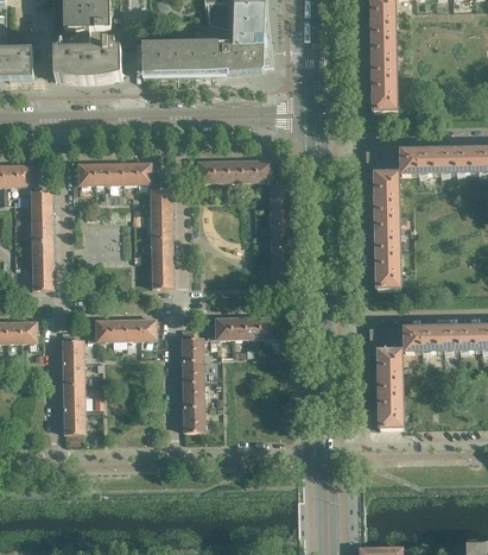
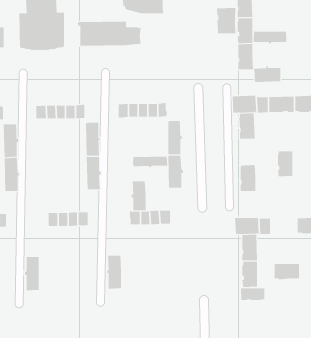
building: none -> [216,7,236,34]
building: [232,30,273,74] -> none
building: none -> [253,31,287,44]
building: none -> [254,66,281,83]
building: [374,213,399,251] -> [276,151,293,177]
building: none -> [133,156,168,168]
building: [422,328,460,353] -> [274,263,300,281]
building: [180,338,203,381] -> [131,181,146,211]
building: [61,340,84,384] -> none
building: none -> [240,288,265,301]

